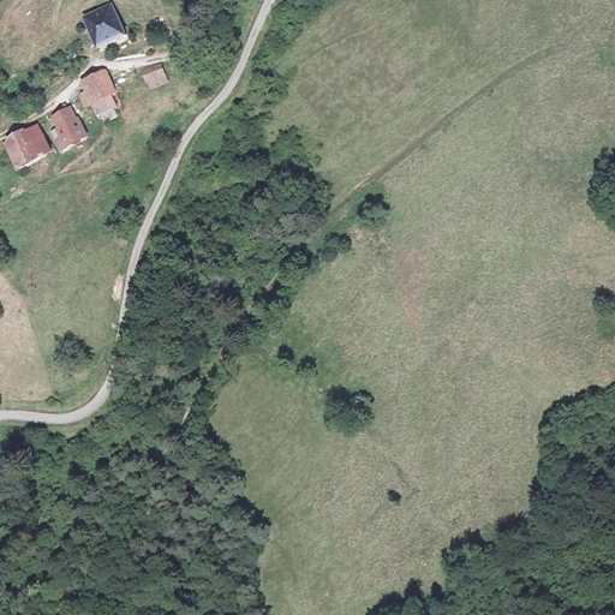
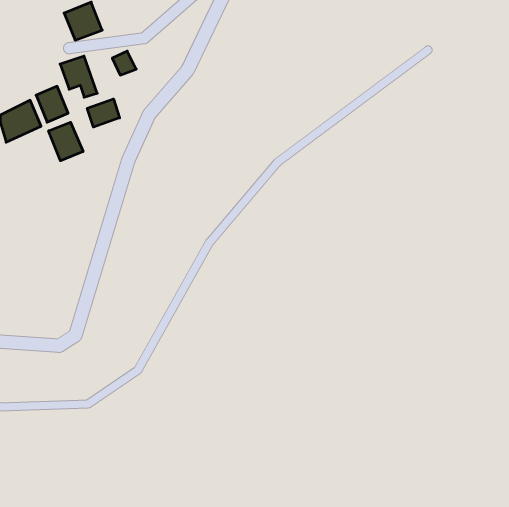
building: none -> [87,99,120,127]
building: none -> [49,122,83,161]

